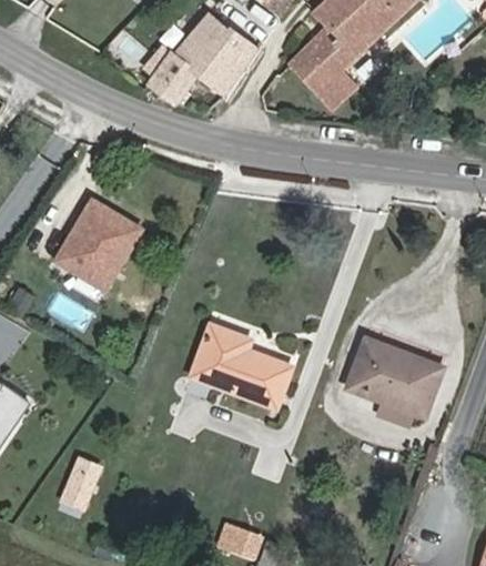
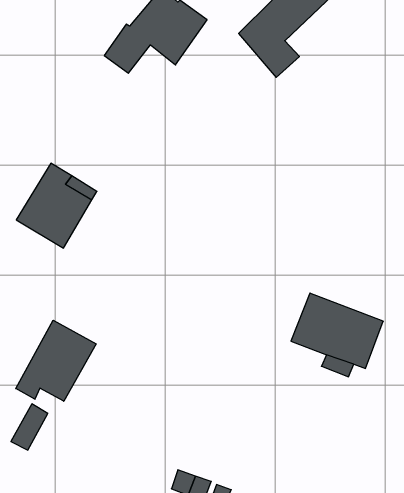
building: [192,325,292,408] -> none
building: none -> [16,320,96,401]

